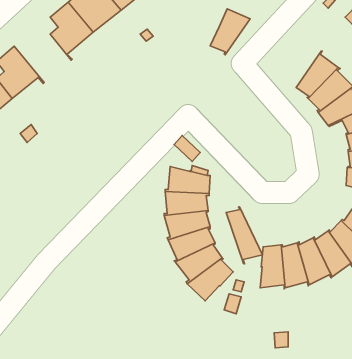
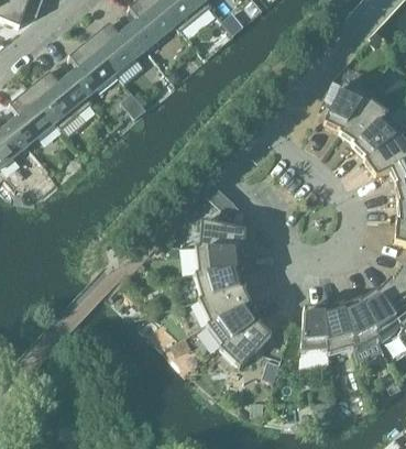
building: [210,9,250,55] -> [325,83,369,133]
building: none -> [31,72,94,128]
building: [226,207,262,264] -> none

